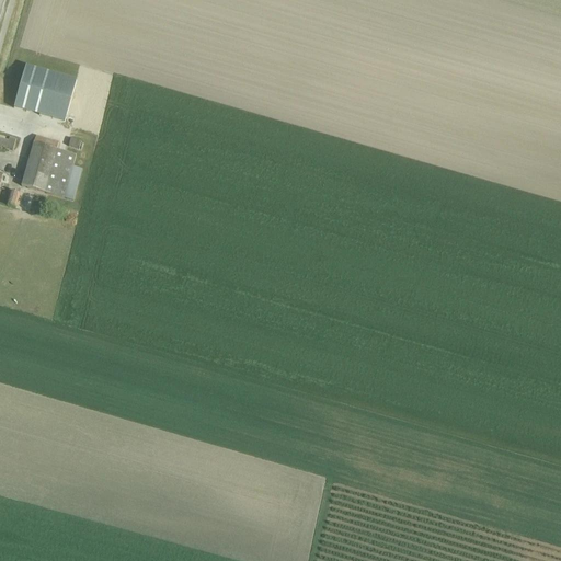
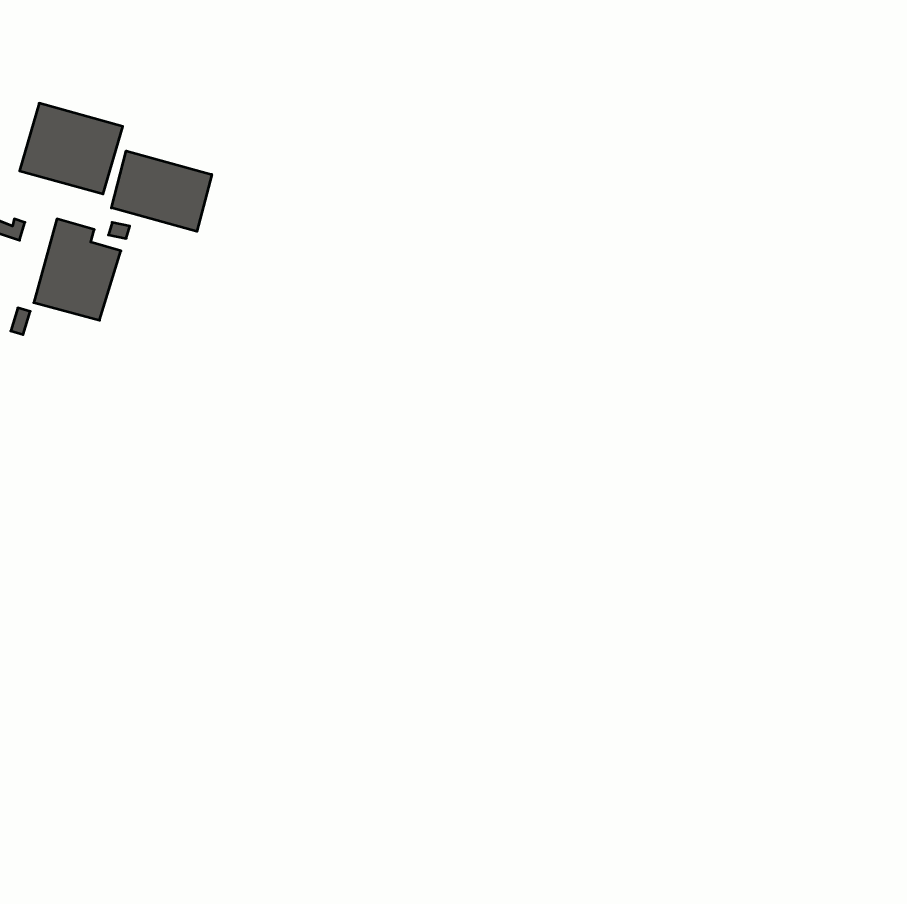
building: none -> [111,151,212,231]

